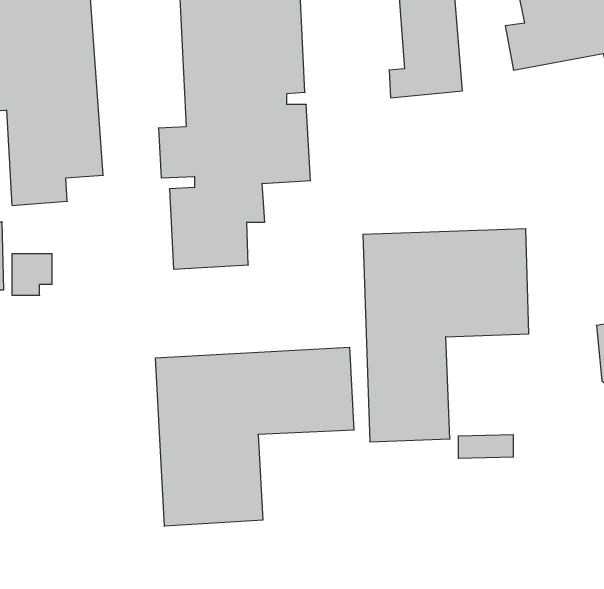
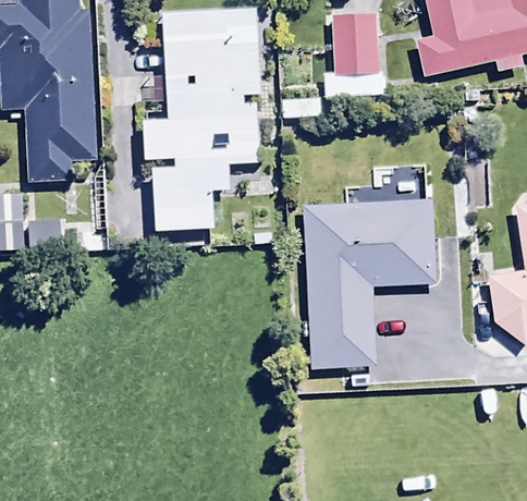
building: [155,347,354,526] -> none

